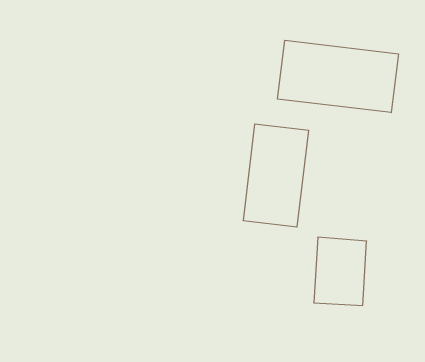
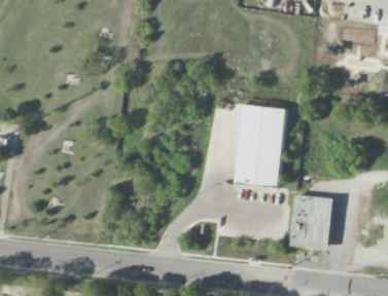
building: [278,40,398,113] -> none

